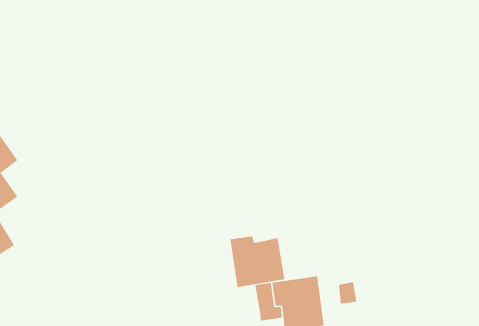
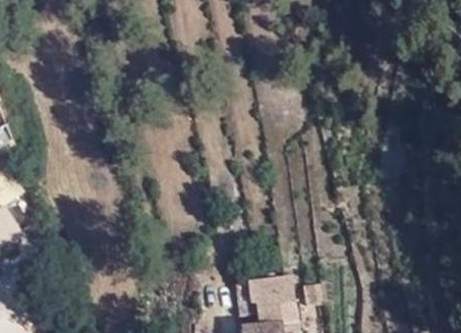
building: [230,235,285,288] -> none

